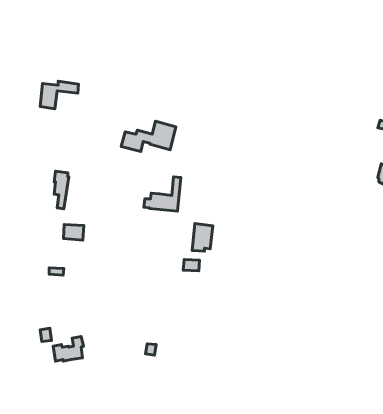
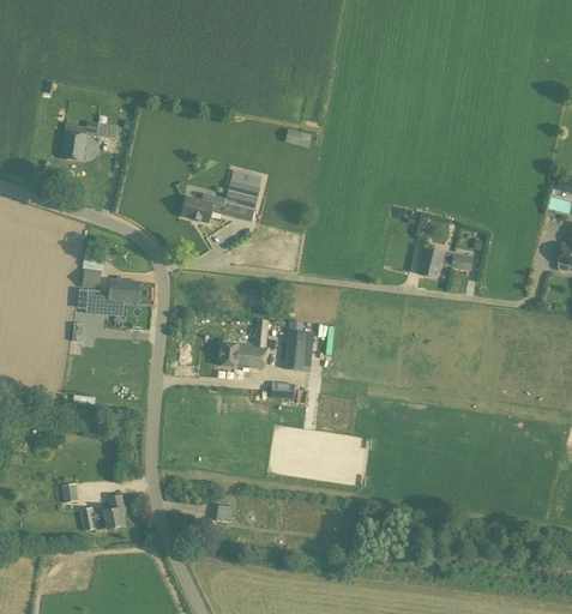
building: none -> [417,247,474,277]
building: [144,177,181,211] -> [213,318,267,368]
building: [63,225,84,240] -> [109,279,139,302]

